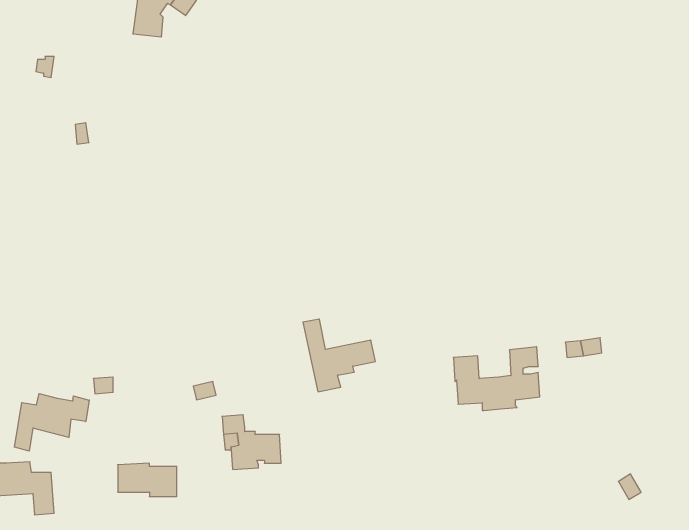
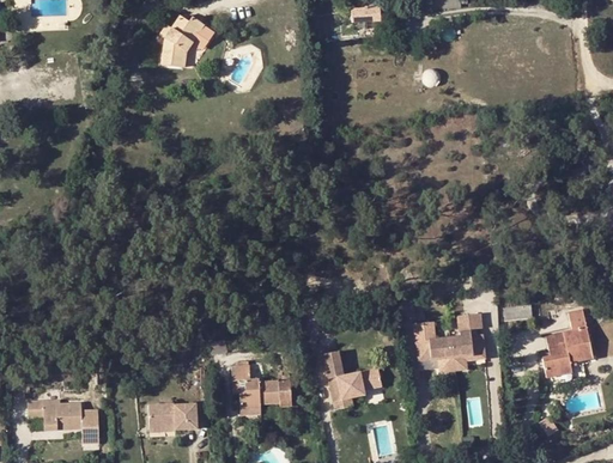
building: [303,319,375,392] -> [323,352,381,409]
building: none -> [542,310,591,377]
building: [15,394,89,451] -> none

